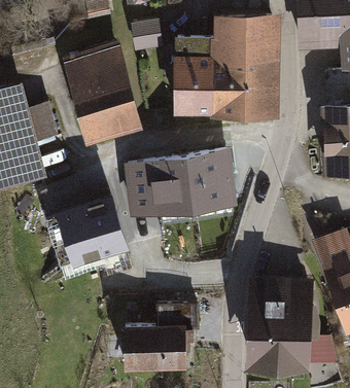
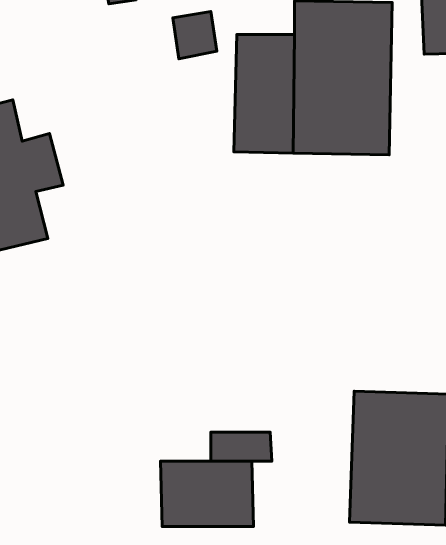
building: [61,37,138,140] -> none
building: [129,151,233,213] -> none
building: [44,191,131,269] -> none

